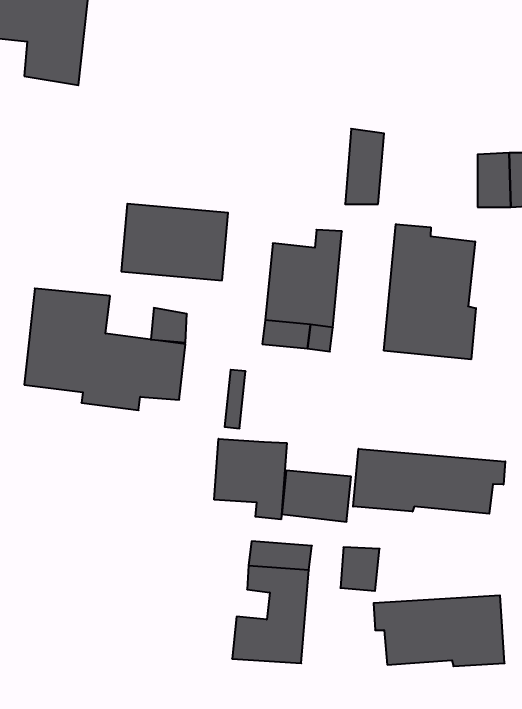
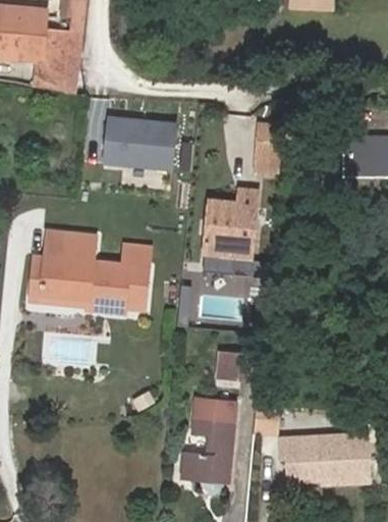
building: [121,204,228,280] -> [104,115,176,167]
building: [384,224,476,359] -> none
building: [214,439,287,519] -> none
building: [353,449,505,514] -> none

